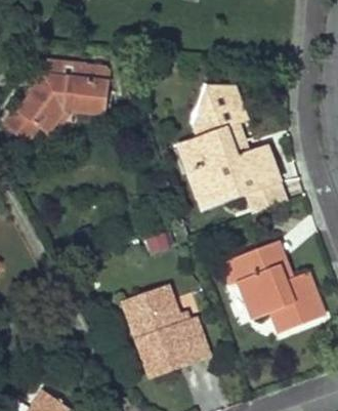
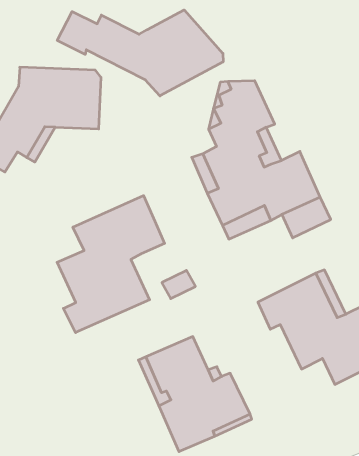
building: none -> [57,10,223,96]
building: none -> [57,196,165,333]

